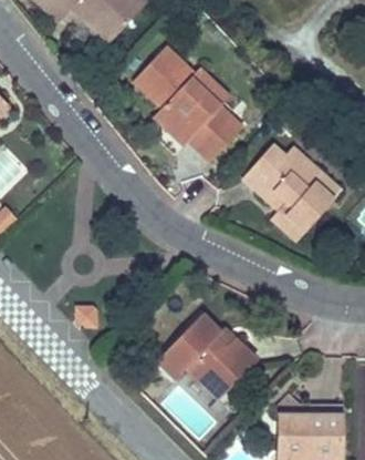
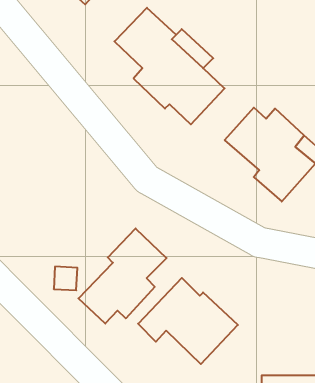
building: none -> [78,228,167,324]

